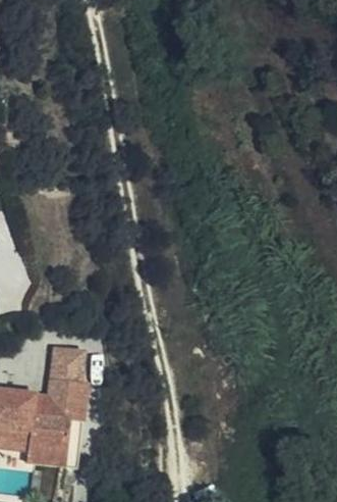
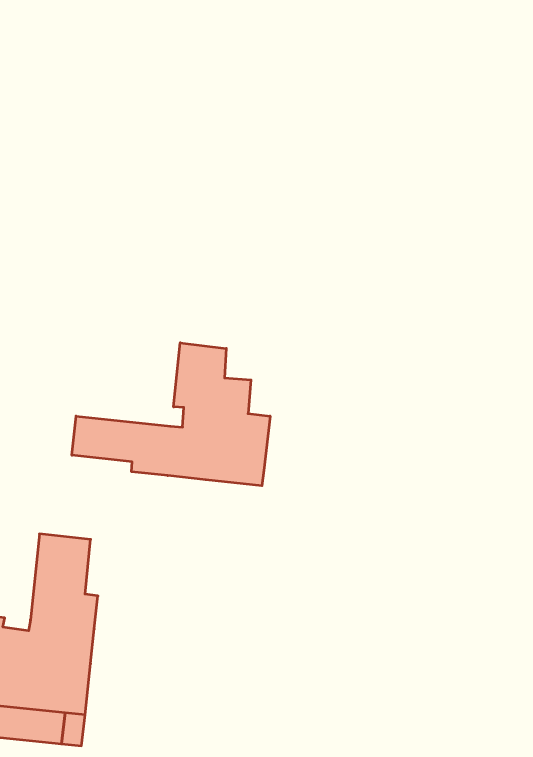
building: none -> [72,343,270,486]

